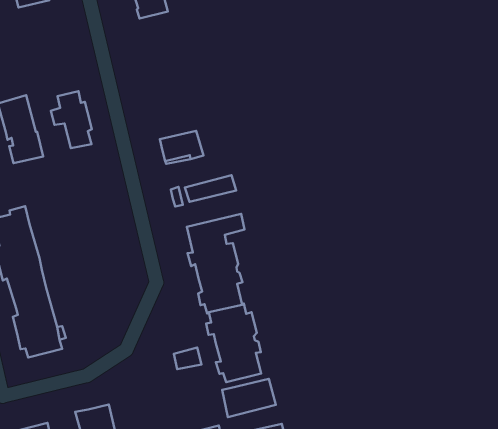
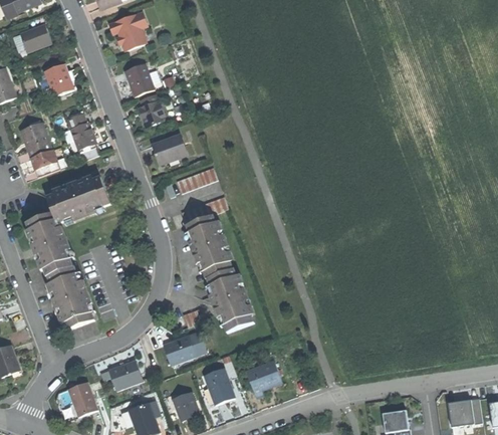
building: none -> [44,63,73,97]
building: none -> [125,63,154,96]
building: none -> [139,93,172,128]
building: none -> [46,177,109,224]
building: [222,379,276,417] -> [163,332,207,366]

